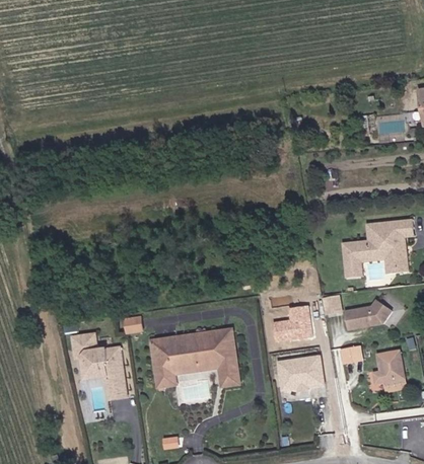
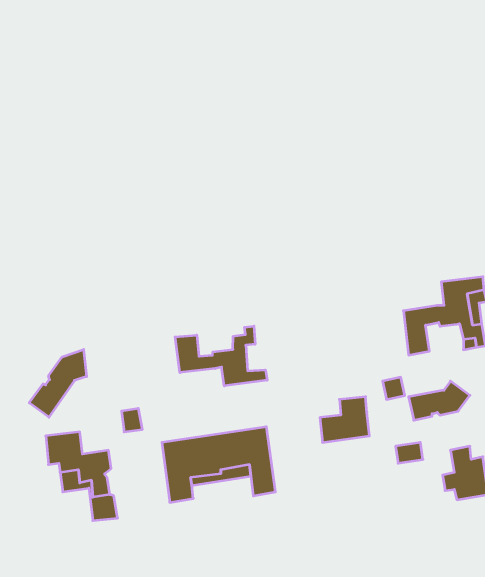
building: none -> [175,326,267,386]
building: none -> [29,349,87,417]
building: [280,360,326,396] -> none

